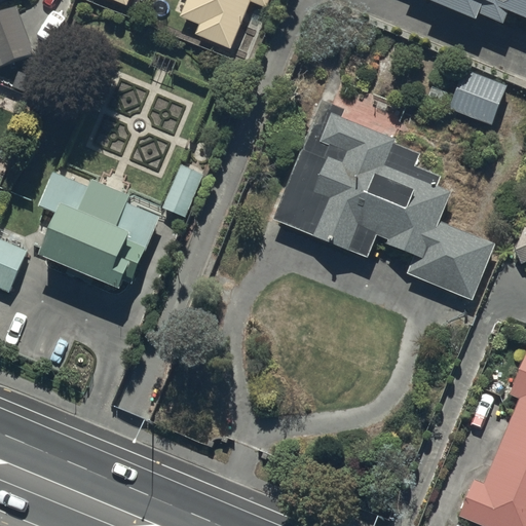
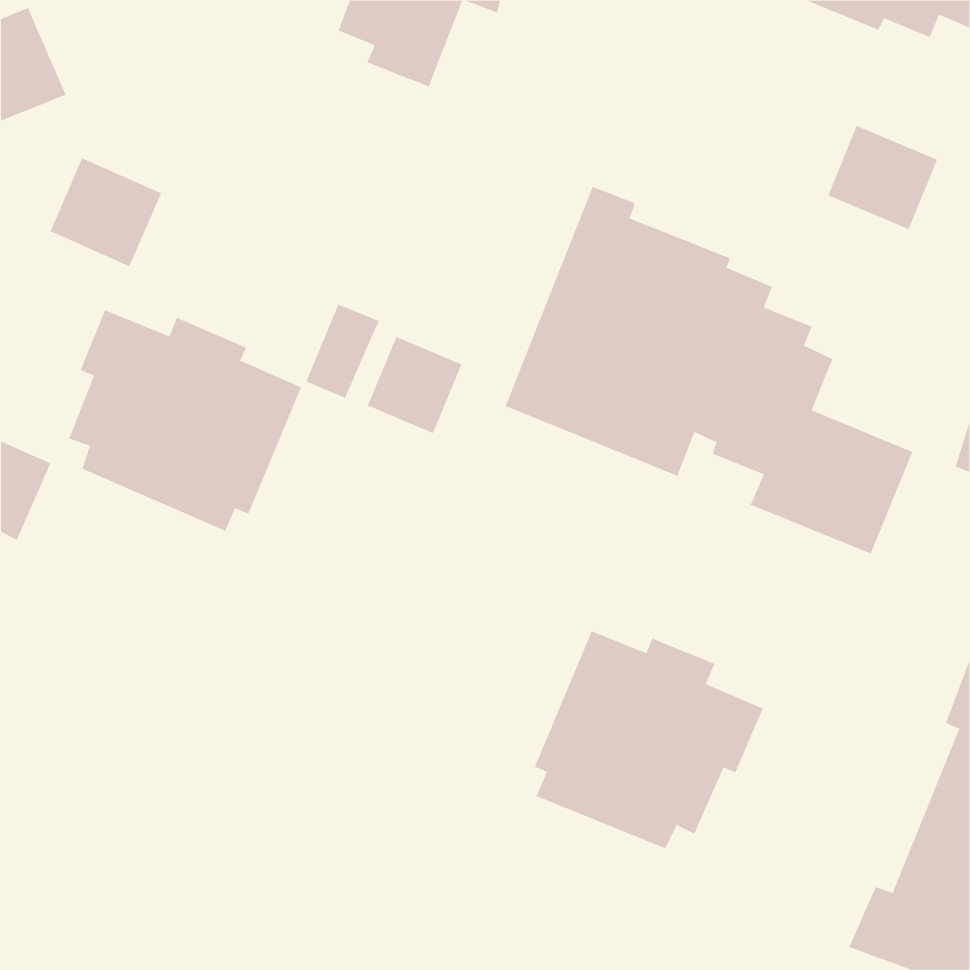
building: none -> [50,157,162,267]
building: none -> [367,336,462,434]
building: none -> [534,630,763,849]

